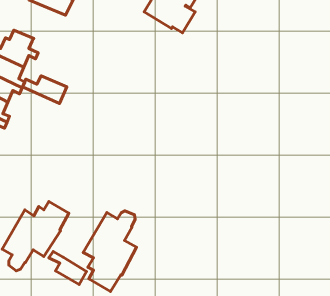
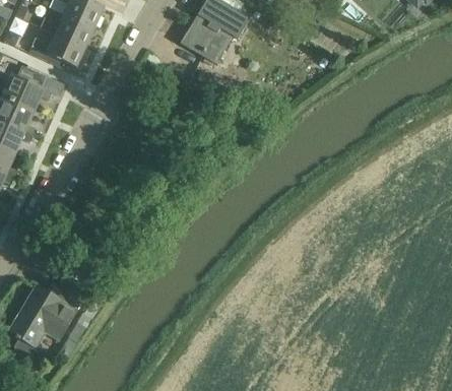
building: [23,76,67,104] -> [30,32,84,66]
building: [83,211,137,291] -> none
building: [49,251,86,285] -> none

